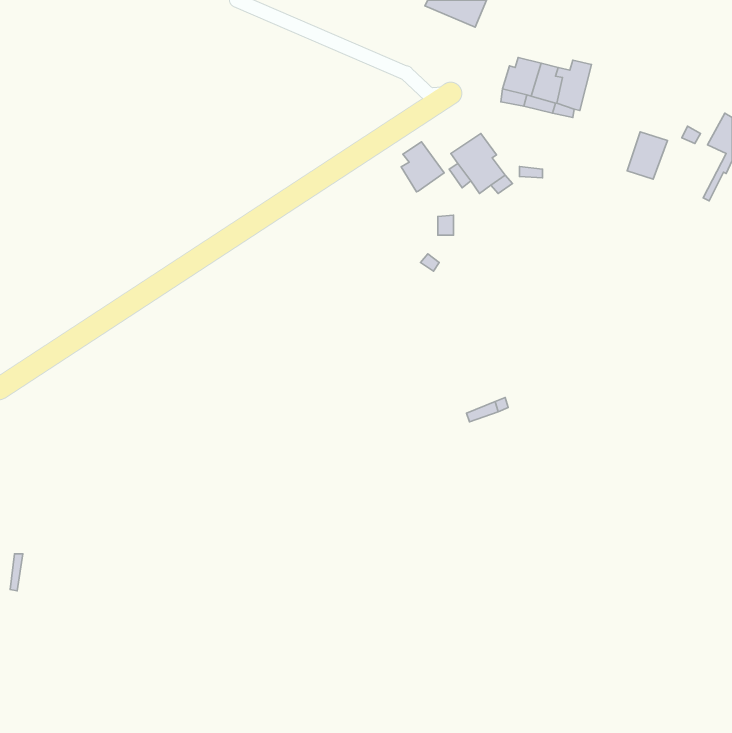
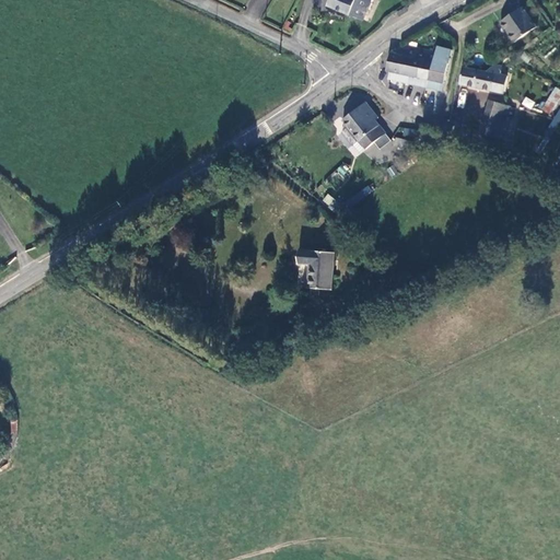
building: none -> [499,11,537,46]
building: none -> [455,65,506,93]
building: [401,142,444,192] -> none
building: none -> [295,250,332,291]

